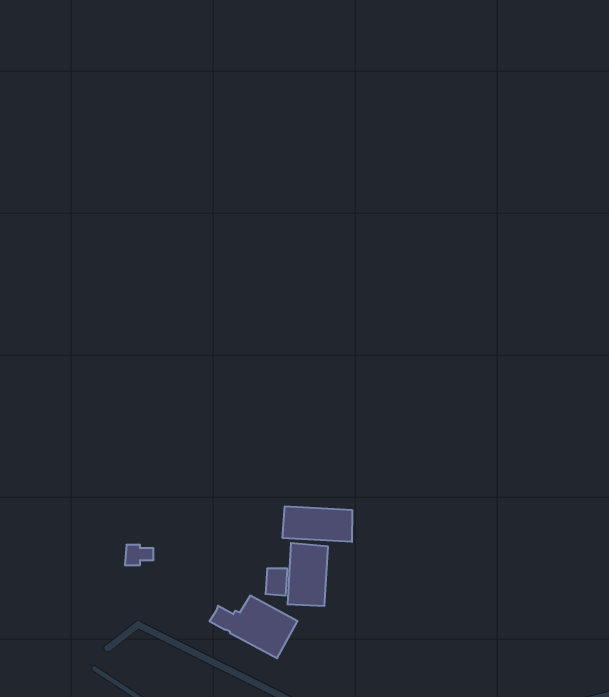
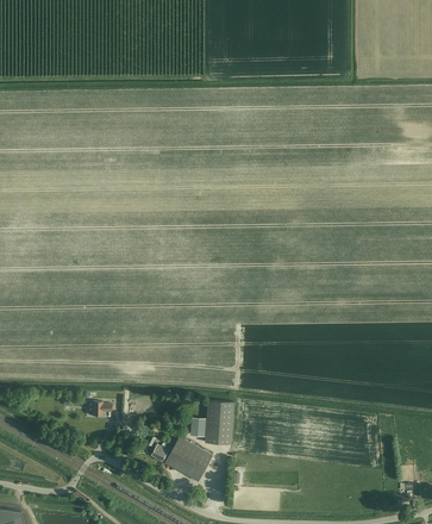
building: [283,506,352,542] -> none

